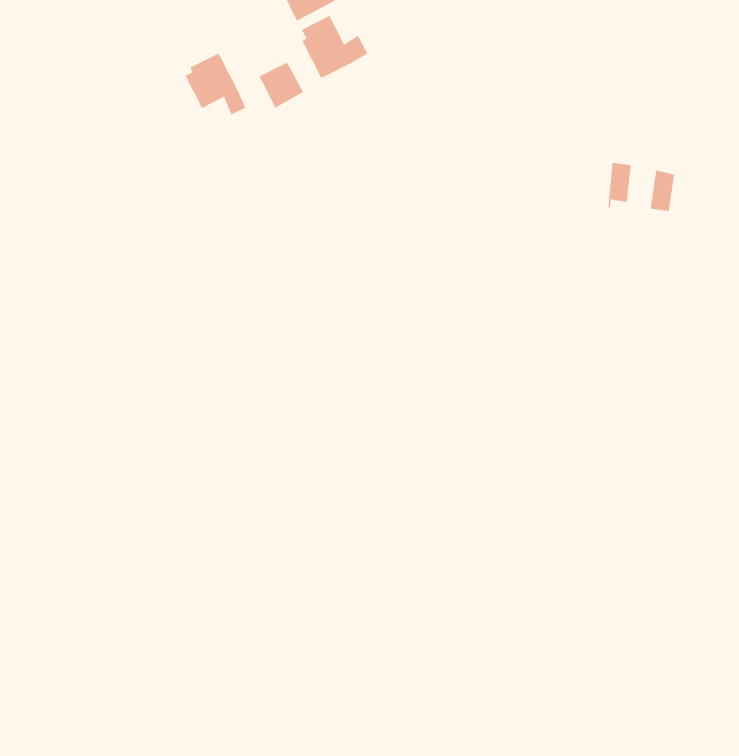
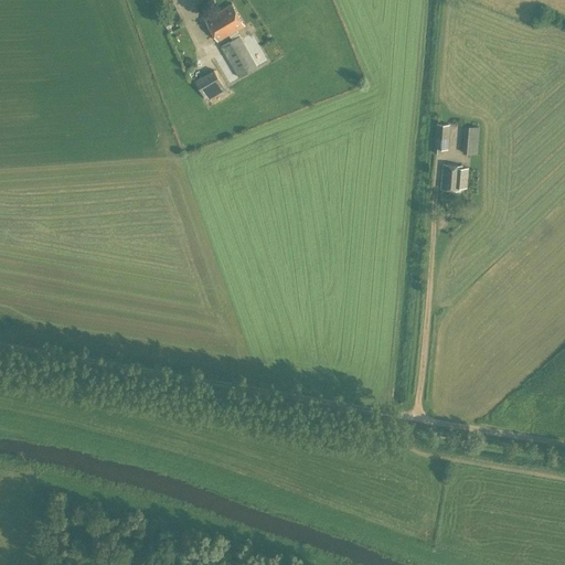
building: [185,53,246,115] -> none
building: none -> [441,166,462,191]

